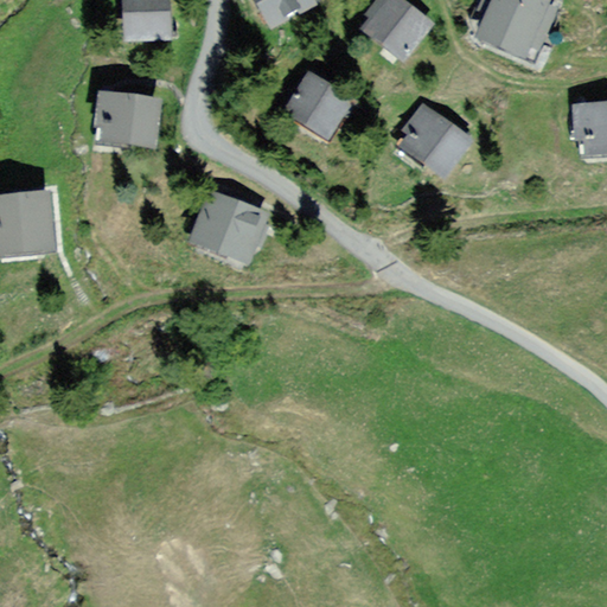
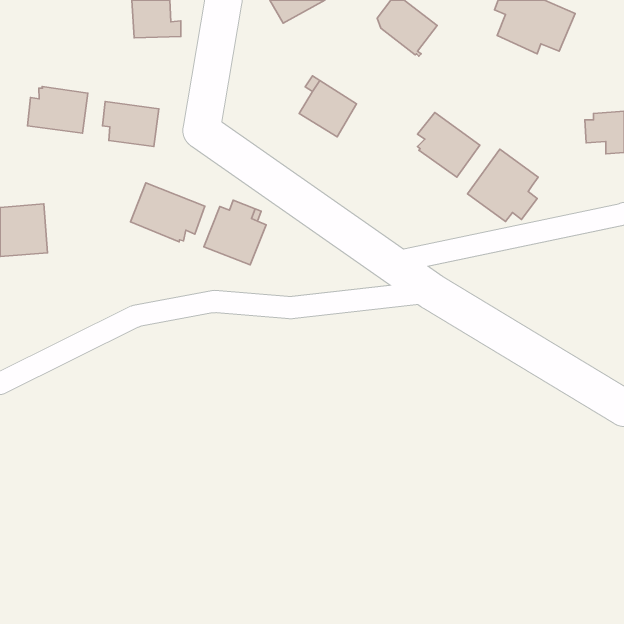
building: none -> [27,86,88,133]
building: none -> [467,149,538,222]
building: none -> [131,183,205,242]

